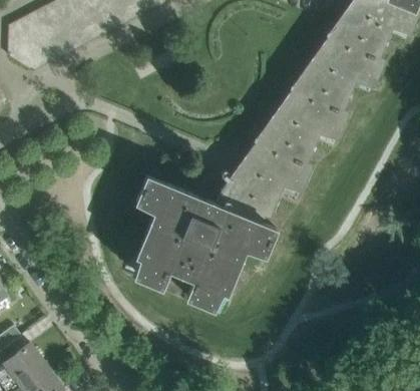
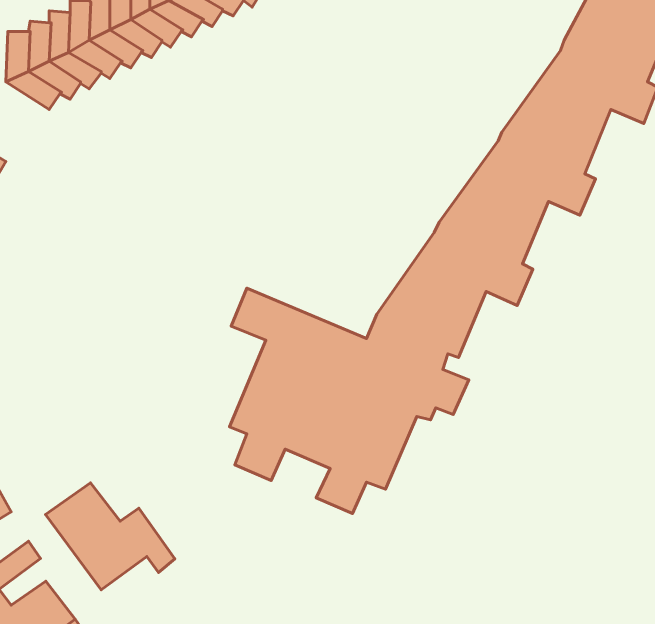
building: none -> [46,483,175,590]

